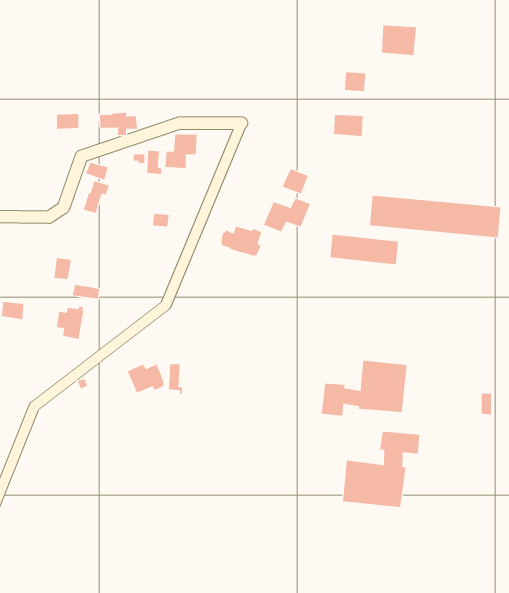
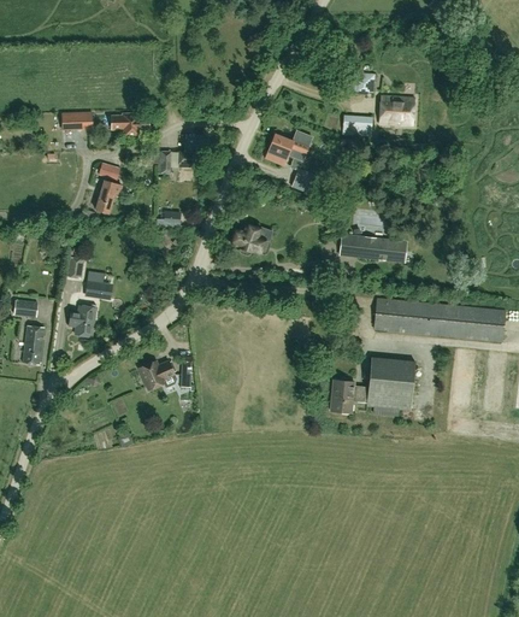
building: [381,25,417,55] -> [379,95,414,125]
building: [369,195,501,238] -> [374,298,505,340]
building: [263,198,311,232] -> [265,130,312,164]
building: none -> [23,324,45,364]
building: [342,431,420,508] -> none

